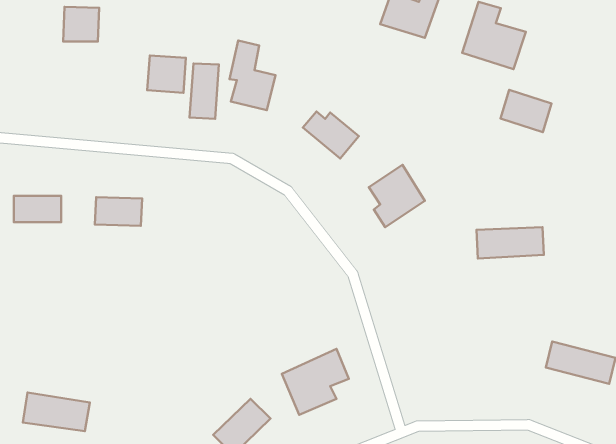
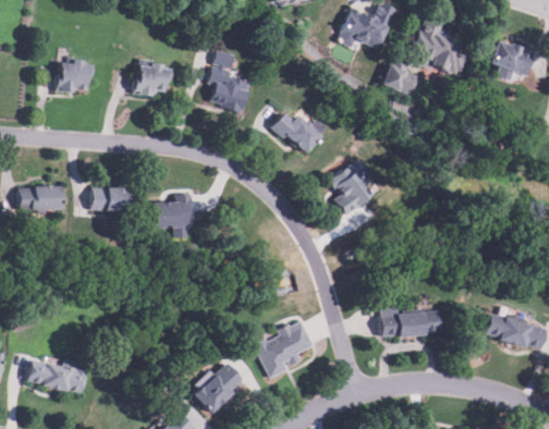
building: [63,7,99,42] -> [59,61,90,91]
building: none -> [382,57,413,94]
building: [190,63,219,119] -> none
building: [500,90,551,132] -> [489,39,534,76]
building: none -> [152,194,191,238]
building: [477,227,544,258] -> [380,309,439,336]

